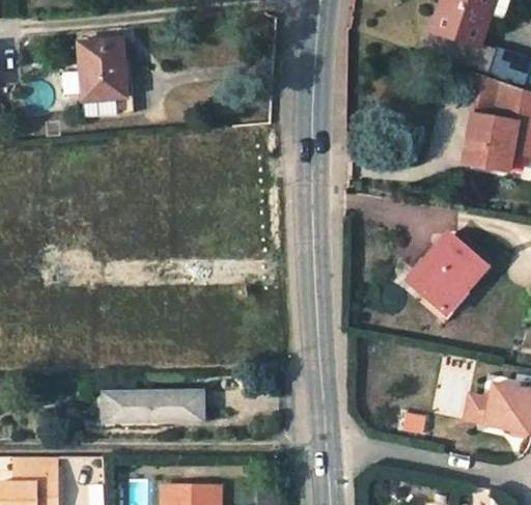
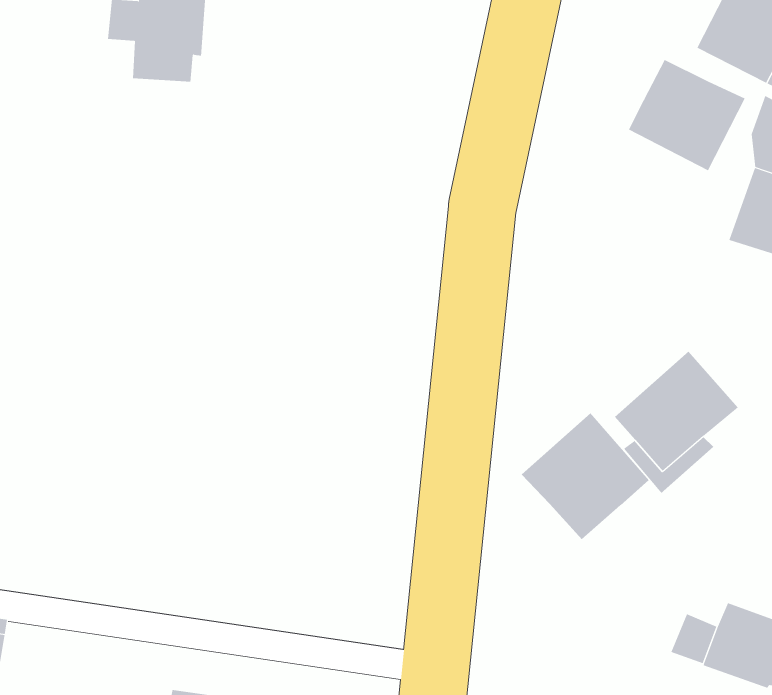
building: none -> [628,59,745,171]
building: none -> [521,413,650,540]
building: [107,393,203,419] -> none

